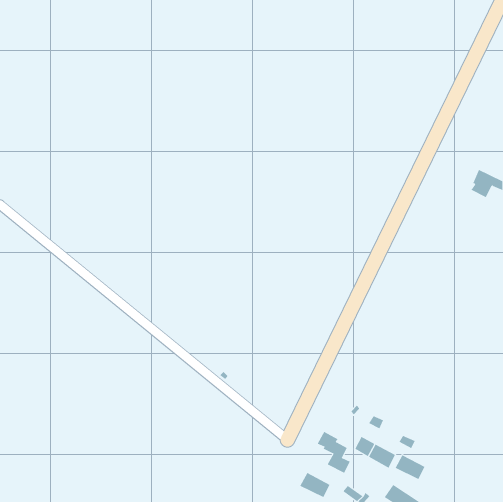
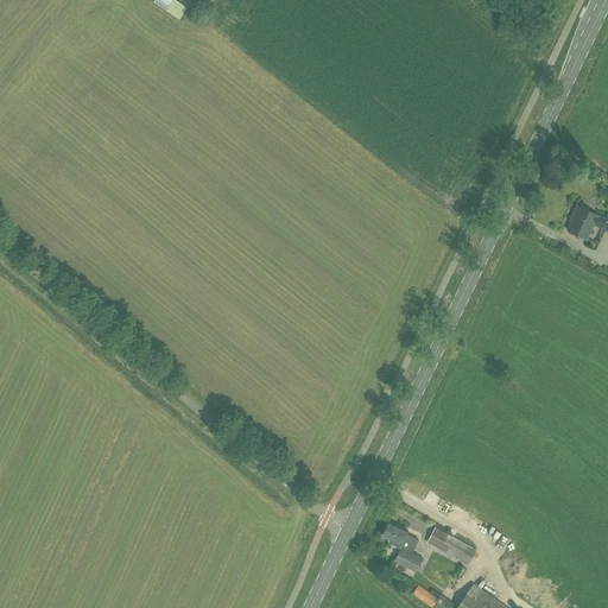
building: [395,455,425,480] -> none
building: [300,472,330,498] -> none

